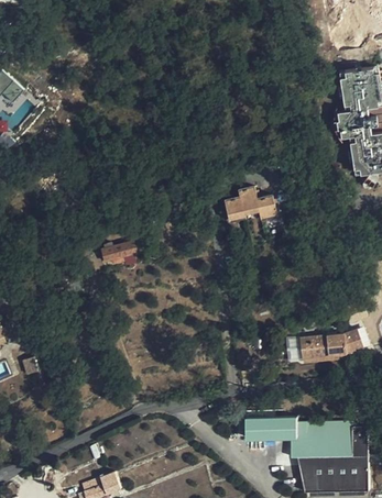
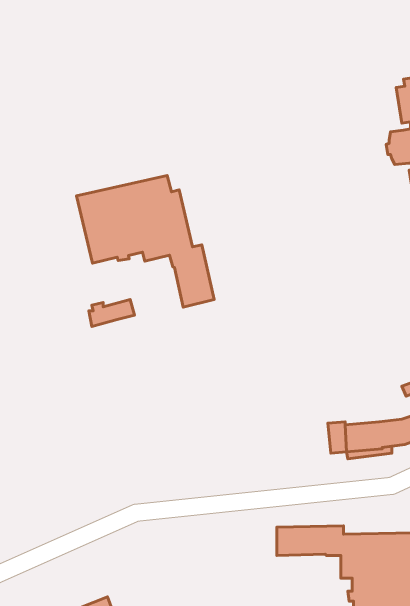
building: none -> [76,176,214,307]
building: [222,187,275,220] -> none

